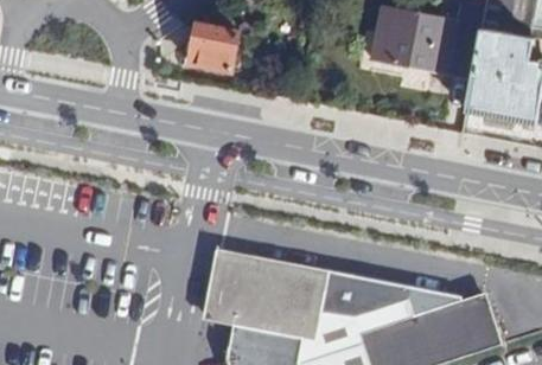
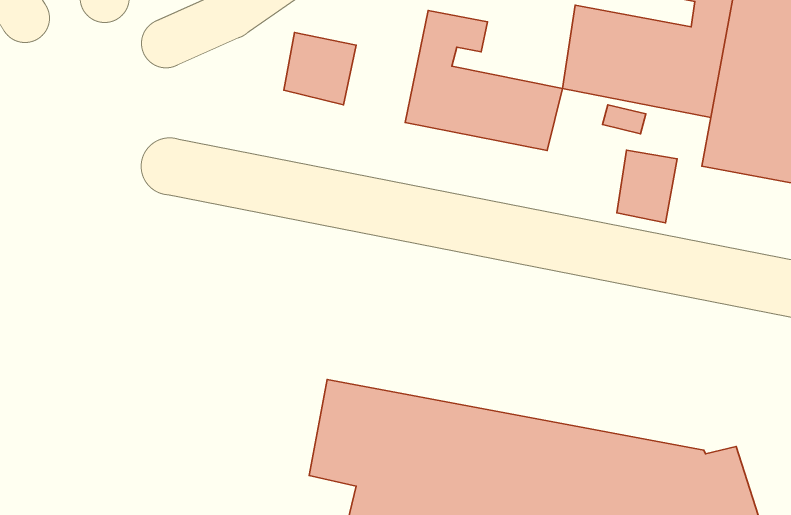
building: none -> [405,11,563,150]
building: none -> [617,150,677,223]

